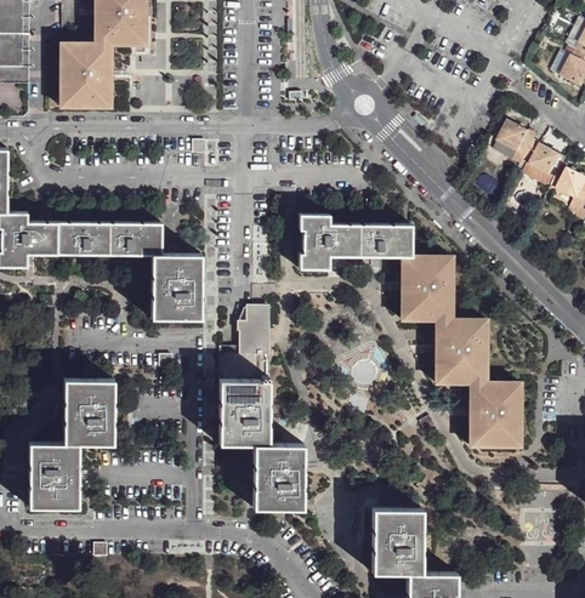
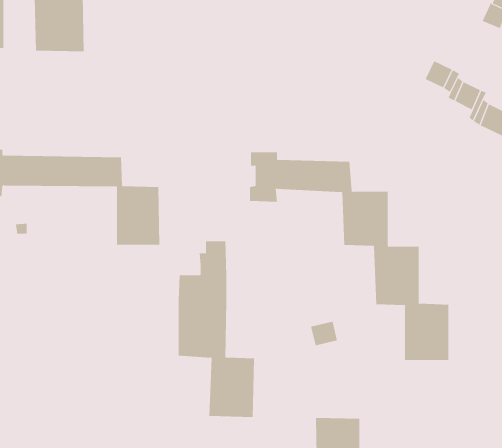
building: [29,380,114,509] -> none
building: none -> [311,321,338,346]

